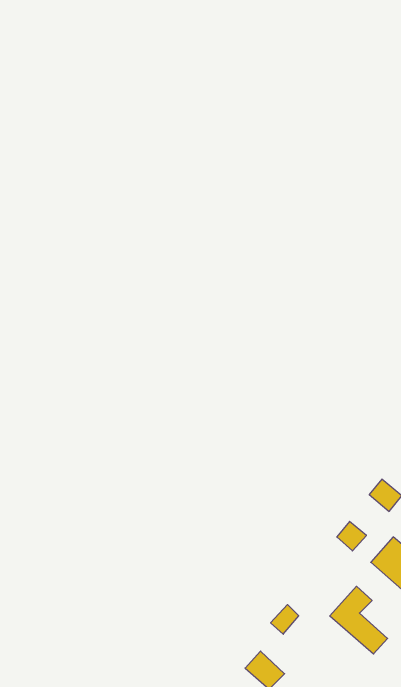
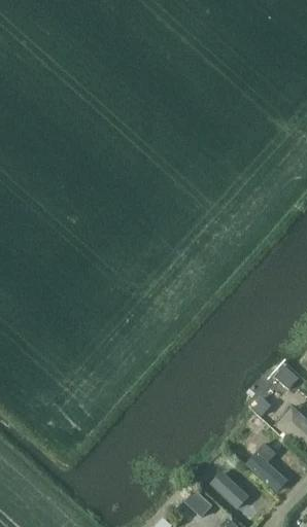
building: none -> [210,470,250,508]

